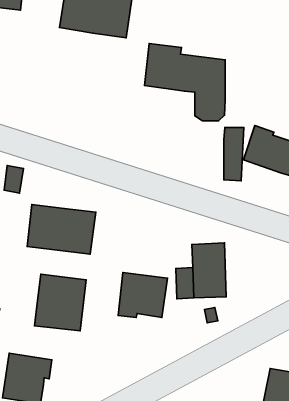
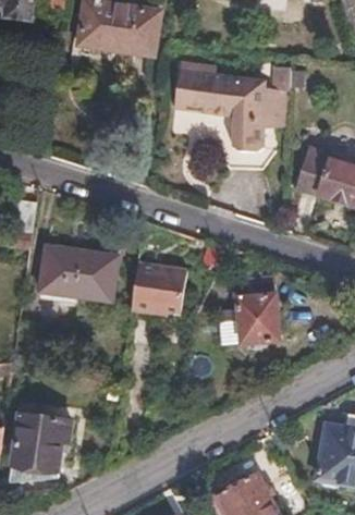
building: [224,128,244,181] -> [270,64,293,125]
building: [118,273,168,317] -> [135,262,192,314]
building: [35,274,86,331] -> none

